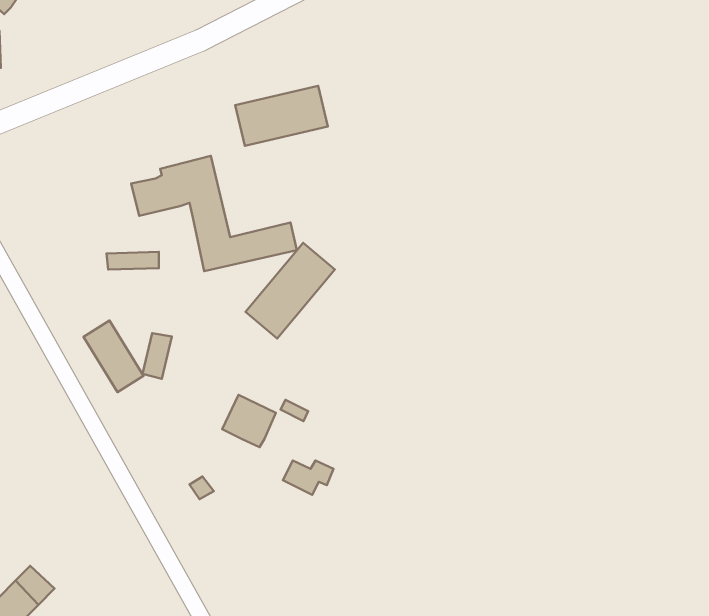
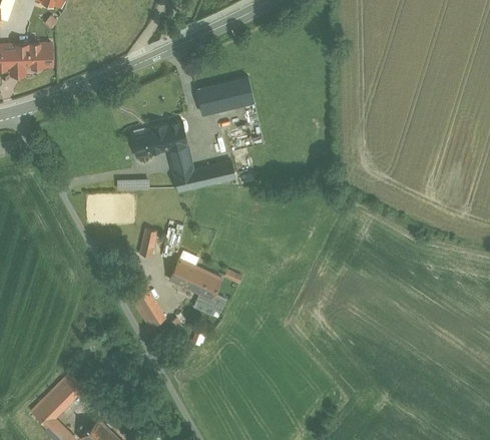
building: [245,243,335,338] -> none
building: [83,320,144,392] -> [128,285,165,329]
building: none -> [169,260,198,289]
building: [283,461,333,495] -> [194,295,225,316]

